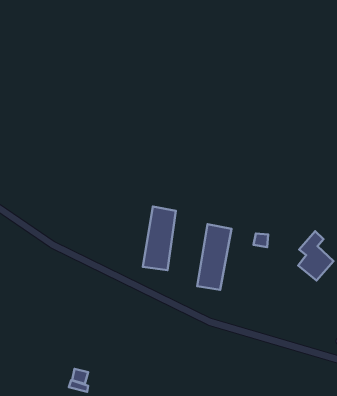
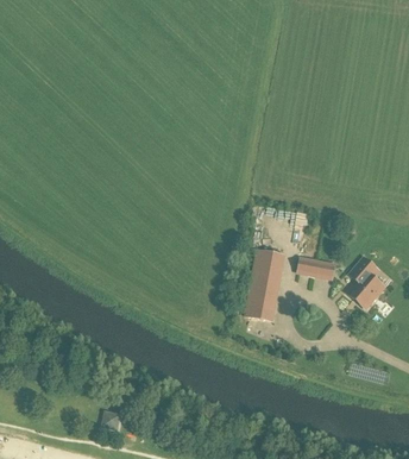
building: [143,207,176,270] -> none

